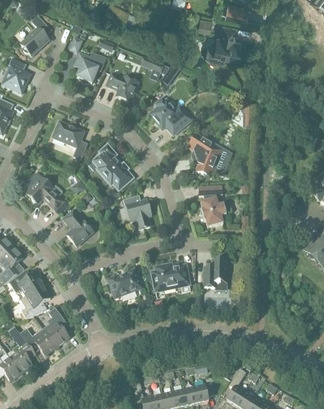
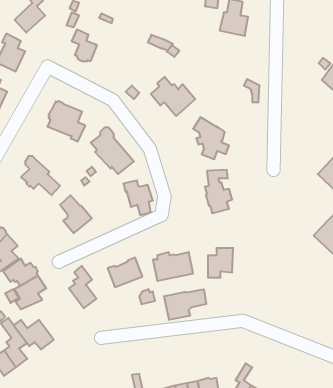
building: [107,73,139,102] -> none
building: none -> [164,289,206,320]
building: [44,307,70,347] -> [69,266,96,308]

